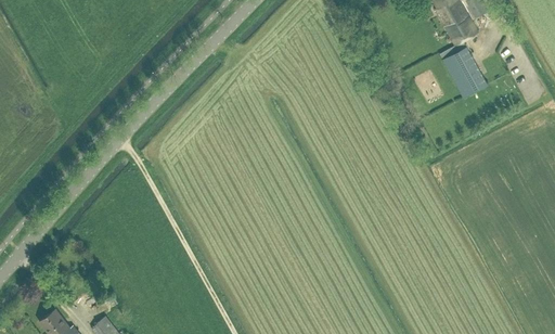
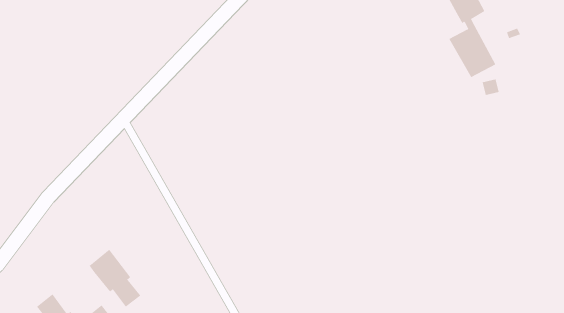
building: none -> [89,249,141,307]

